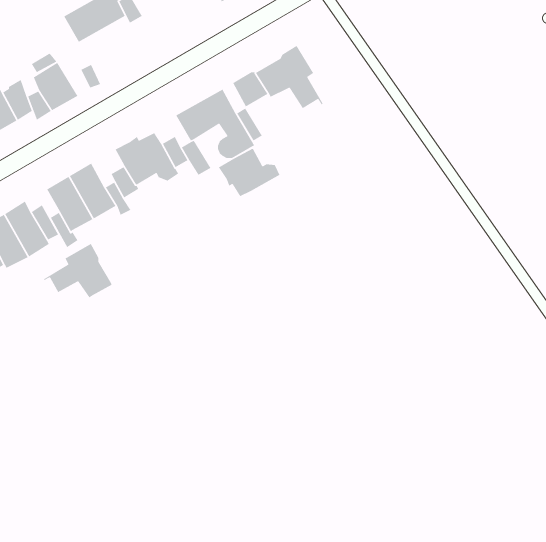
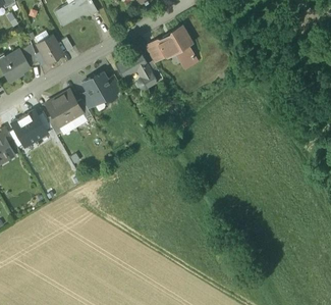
building: [218,148,280,197] -> none
building: [43,243,113,299] -> none

